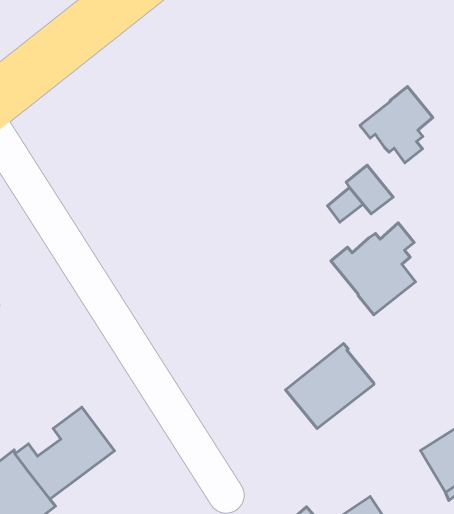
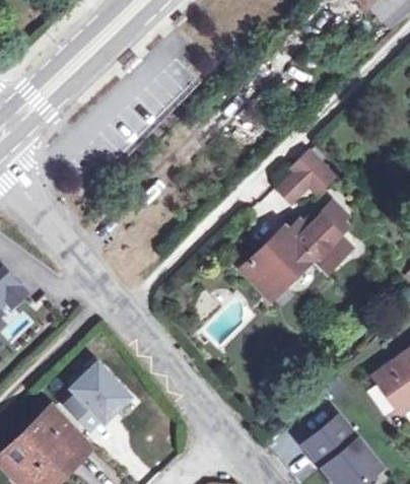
building: [360,87,433,163] -> none
building: [285,343,374,429] -> [241,227,311,297]

